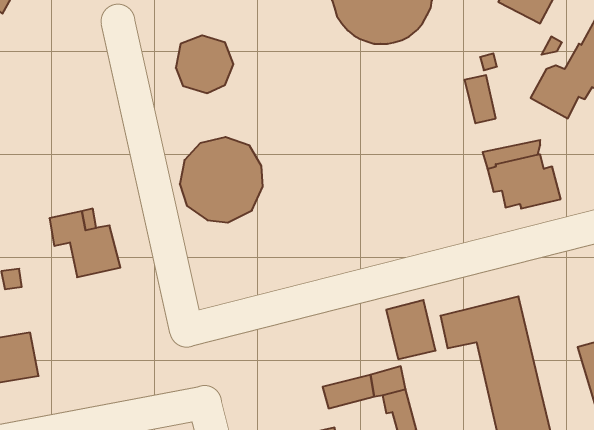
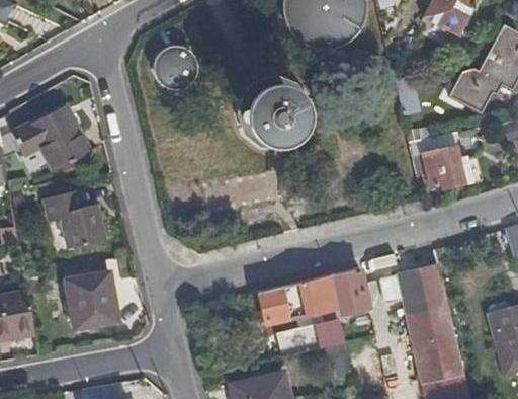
building: none -> [13,106,91,180]
building: [180,137,263,223] -> [239,76,309,148]
building: none -> [255,274,336,325]
building: none -> [65,275,119,332]

